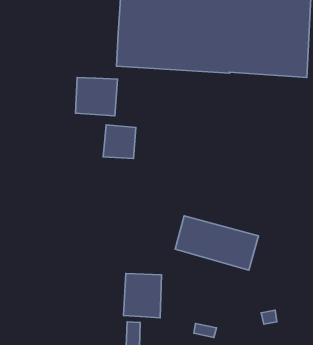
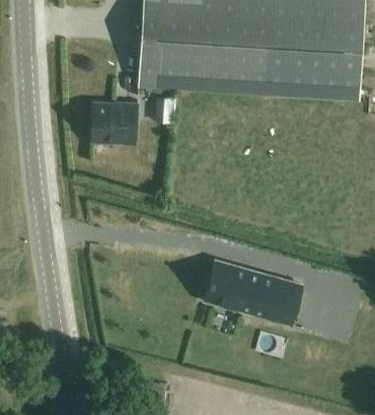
building: [103,125,136,159] -> none
building: [124,273,162,318] -> none

